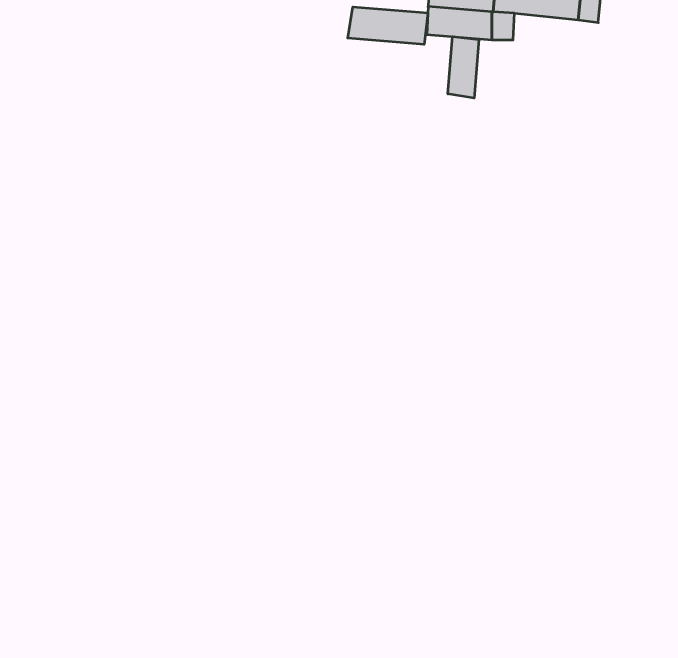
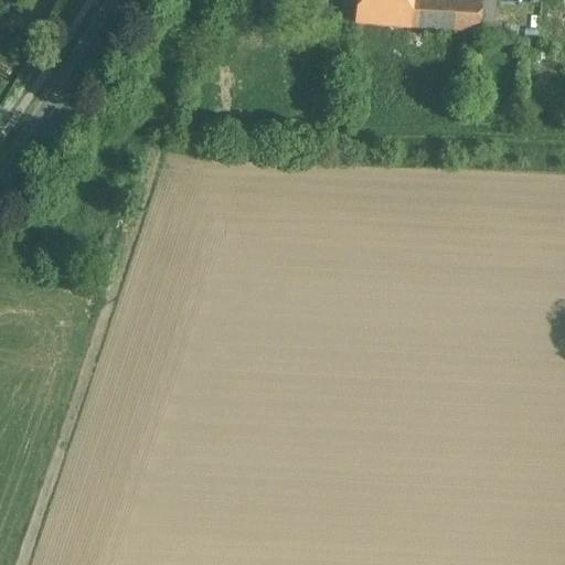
building: [348,7,428,44] -> none
building: [448,37,479,98] -> none

